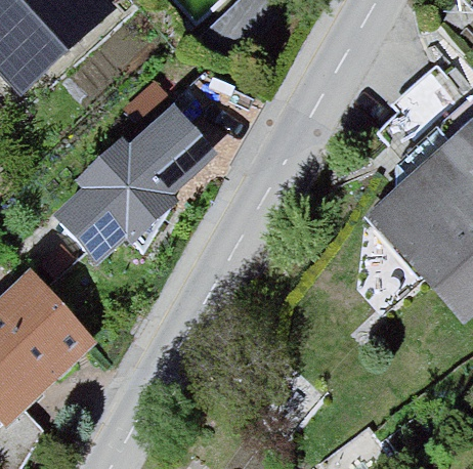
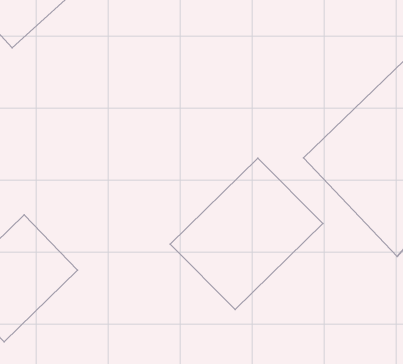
building: [64,104,209,253] -> none
building: none -> [170,158,323,310]

